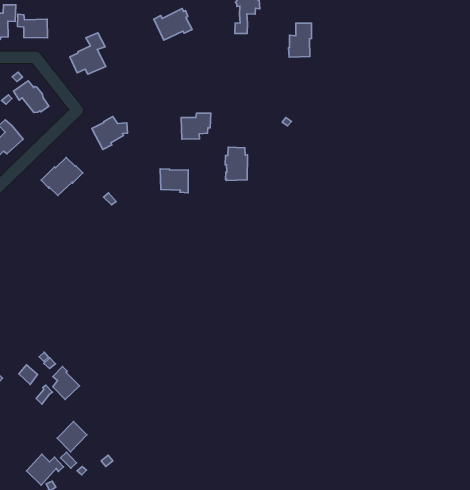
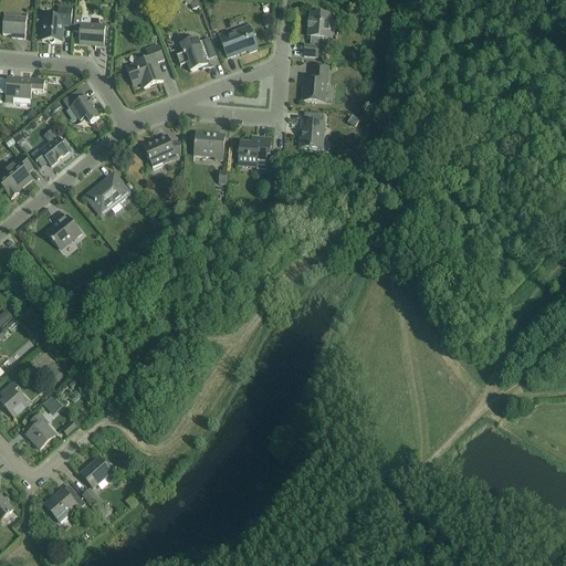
building: none -> [176,36,214,70]
building: [289,23,312,57] -> [302,64,328,101]
building: [225,147,247,180] -> [298,111,324,147]
building: [160,169,188,193] -> [193,132,224,159]
building: none -> [45,211,81,248]
building: [53,366,80,399] -> [27,412,55,448]

